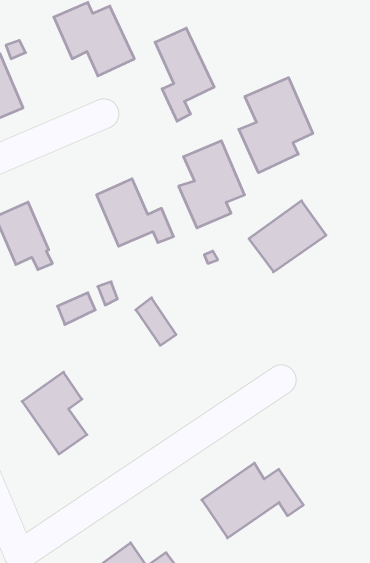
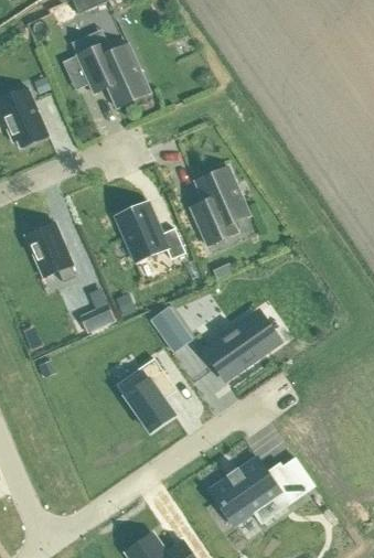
building: [155,28,214,121] -> none
building: [239,78,313,173] -> none
building: [249,201,326,272] -> [204,314,274,378]
building: [22,372,87,454] -> [117,357,175,431]

